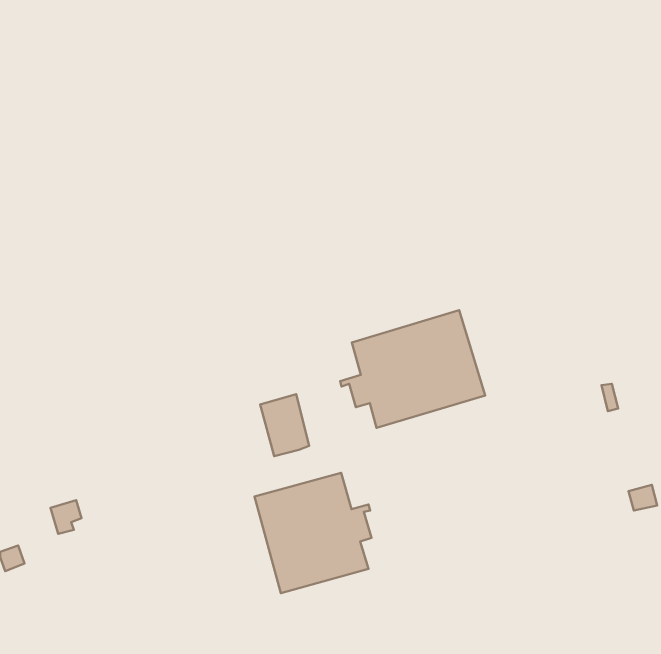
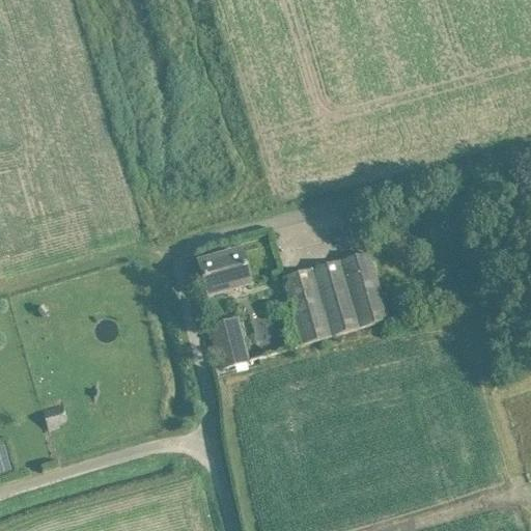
building: none -> [198,249,249,295]
building: [254,473,371,593] -> none

